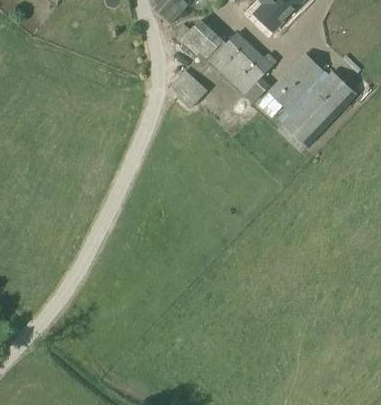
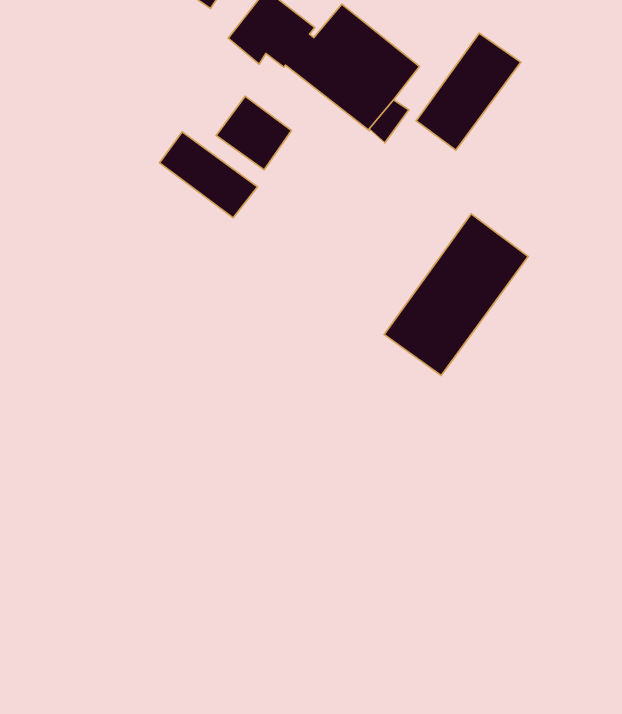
building: [280,69,357,148] -> [384,214,528,375]
building: none -> [159,132,257,218]

